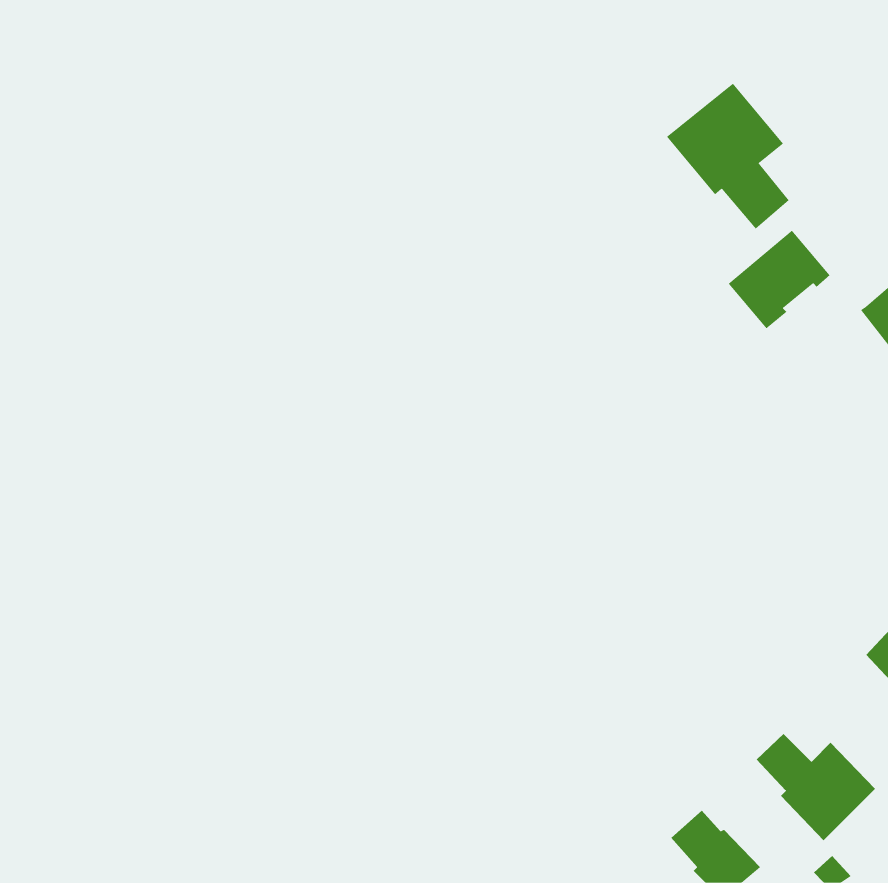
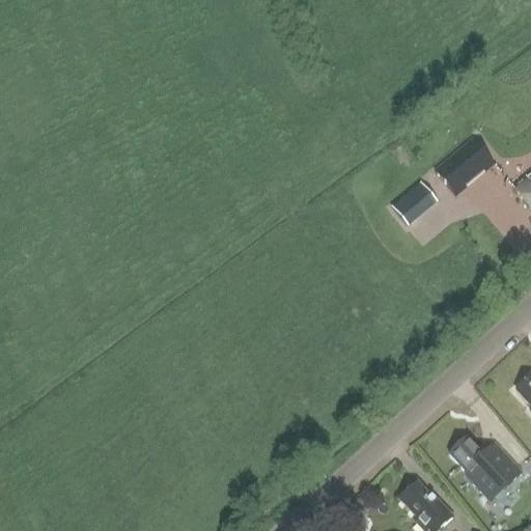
building: [666,83,789,229] -> none
building: none -> [390,177,438,222]

